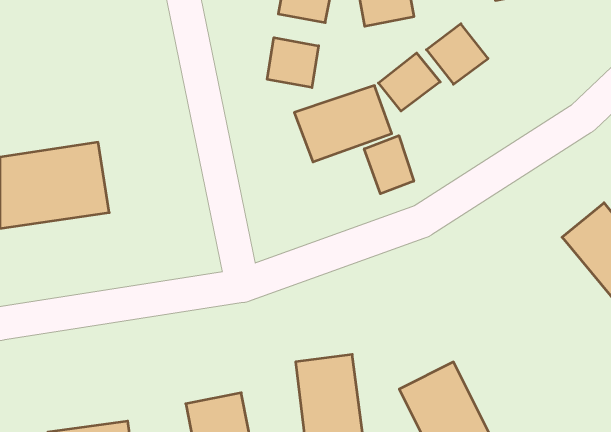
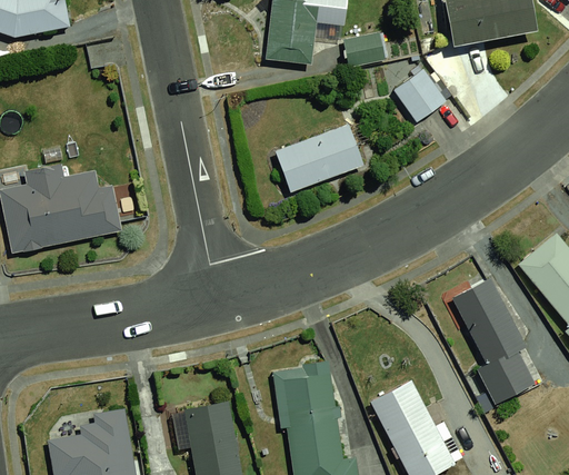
building: [267,38,319,88] -> none
building: [378,53,440,111] -> none
building: [364,136,414,194] -> none
building: none -> [448,275,550,407]

